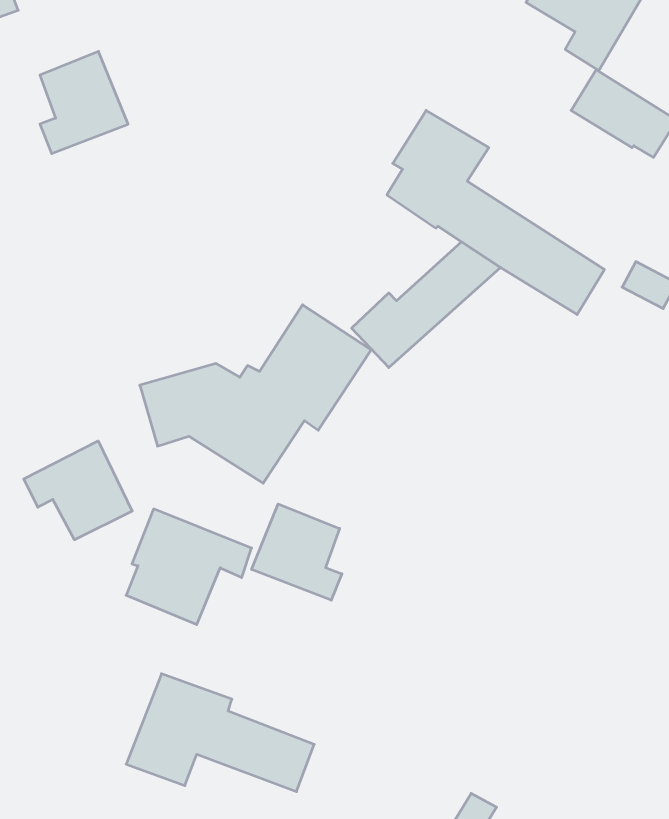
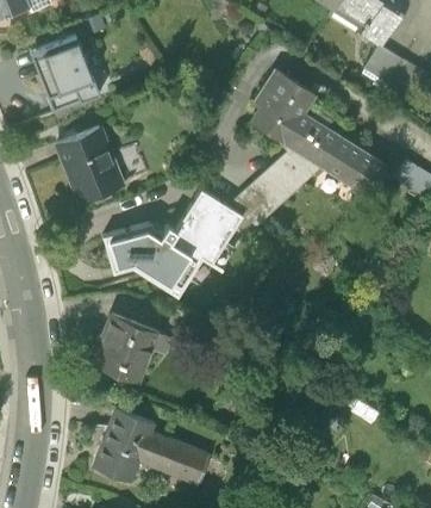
building: none -> [56,129,124,204]
building: [24,441,132,540] -> none
building: [252,504,342,600] -> none

